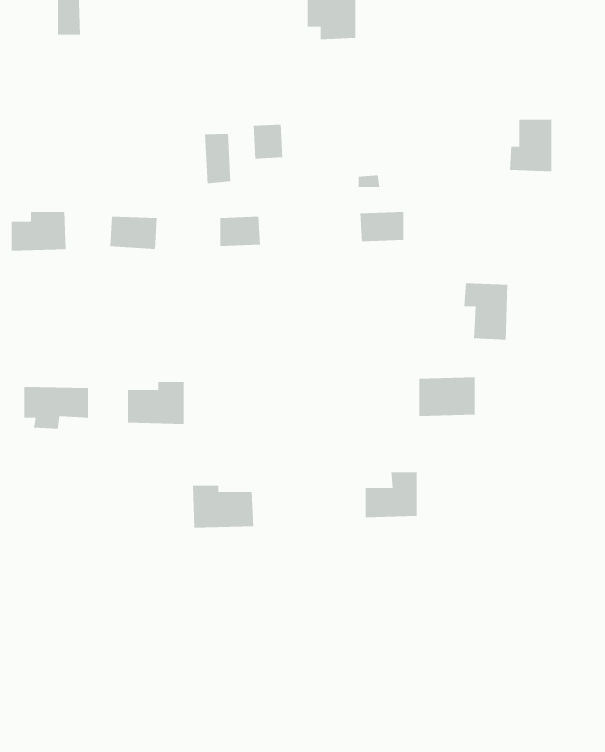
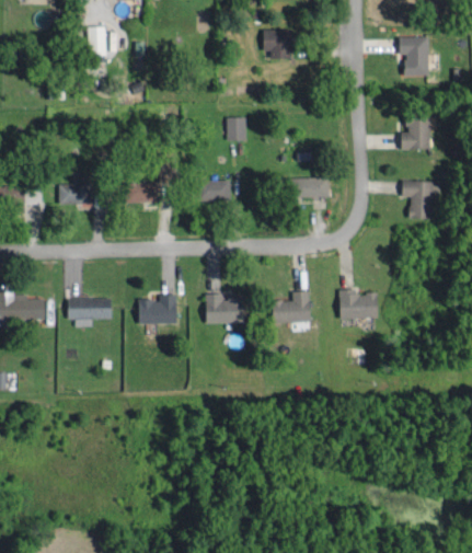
building: none -> [400,37,428,76]
building: [205,133,231,184] -> none
building: [464,283,508,340] -> [402,181,433,220]
building: [365,472,417,518] -> [274,291,310,323]
building: [192,485,254,528] -> [204,295,246,324]

